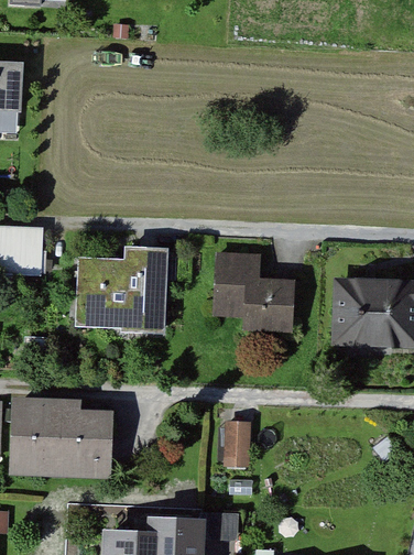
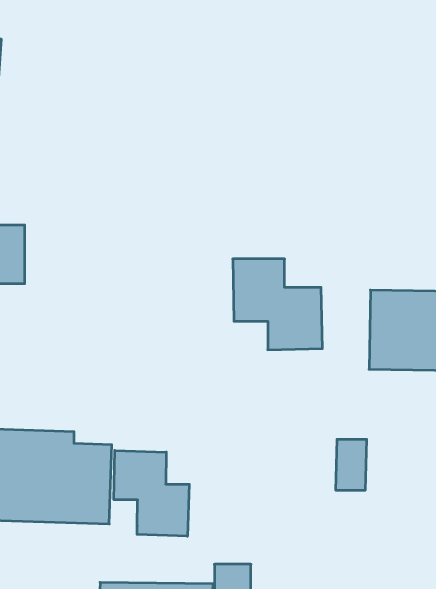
building: [83,247,165,330] -> none
building: none -> [114,450,189,536]
building: [225,422,251,465] -> [336,439,367,490]

